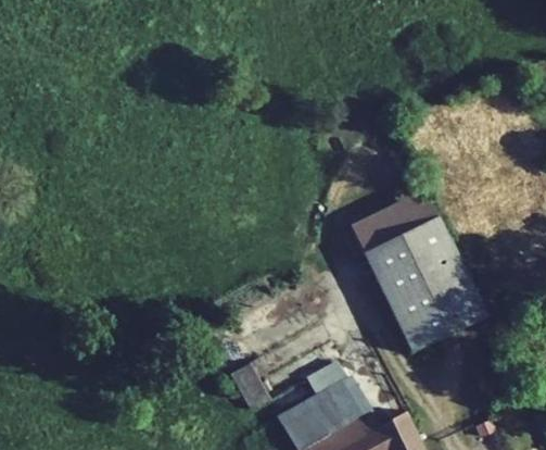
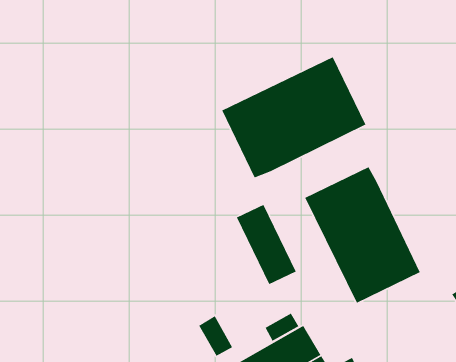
building: none -> [221,56,367,179]
building: none -> [236,204,297,285]

